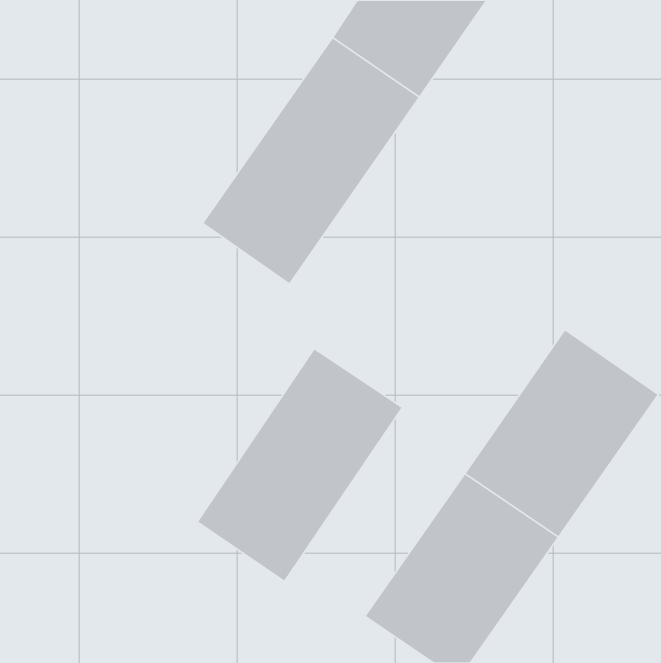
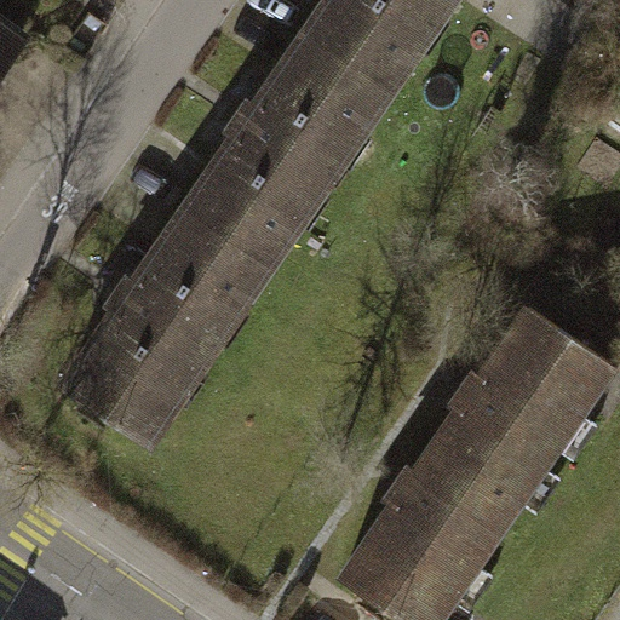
building: none -> [69,208,270,440]
building: [197,348,402,582] -> none

